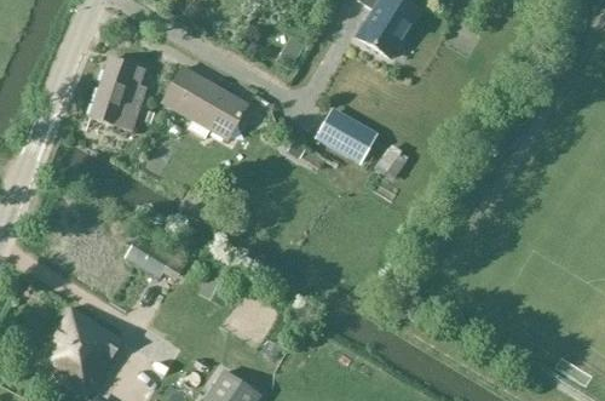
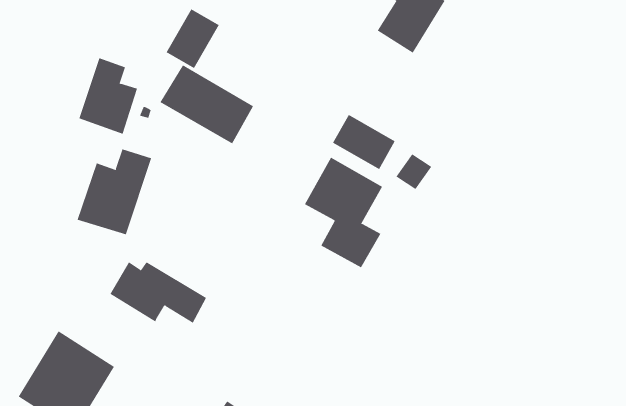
building: none -> [166,8,220,69]
building: none -> [77,149,152,235]
building: none -> [304,157,383,268]

